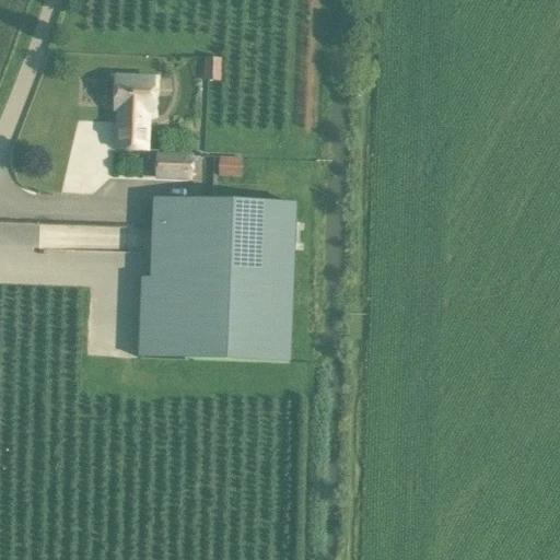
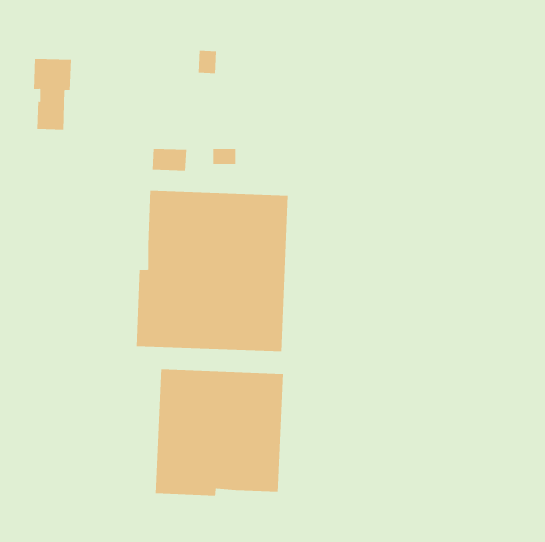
building: [114,74,153,148] -> [33,58,72,130]
building: none -> [155,369,283,496]

